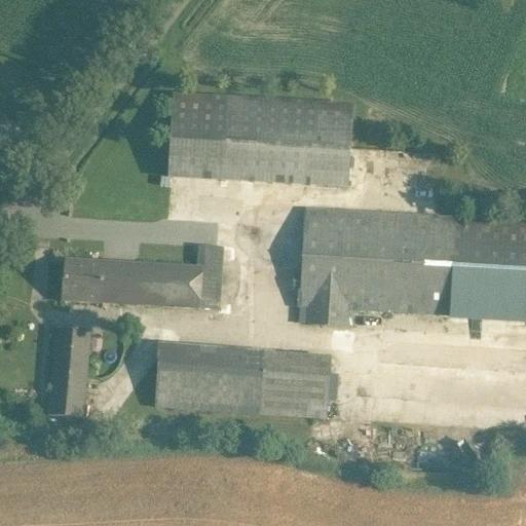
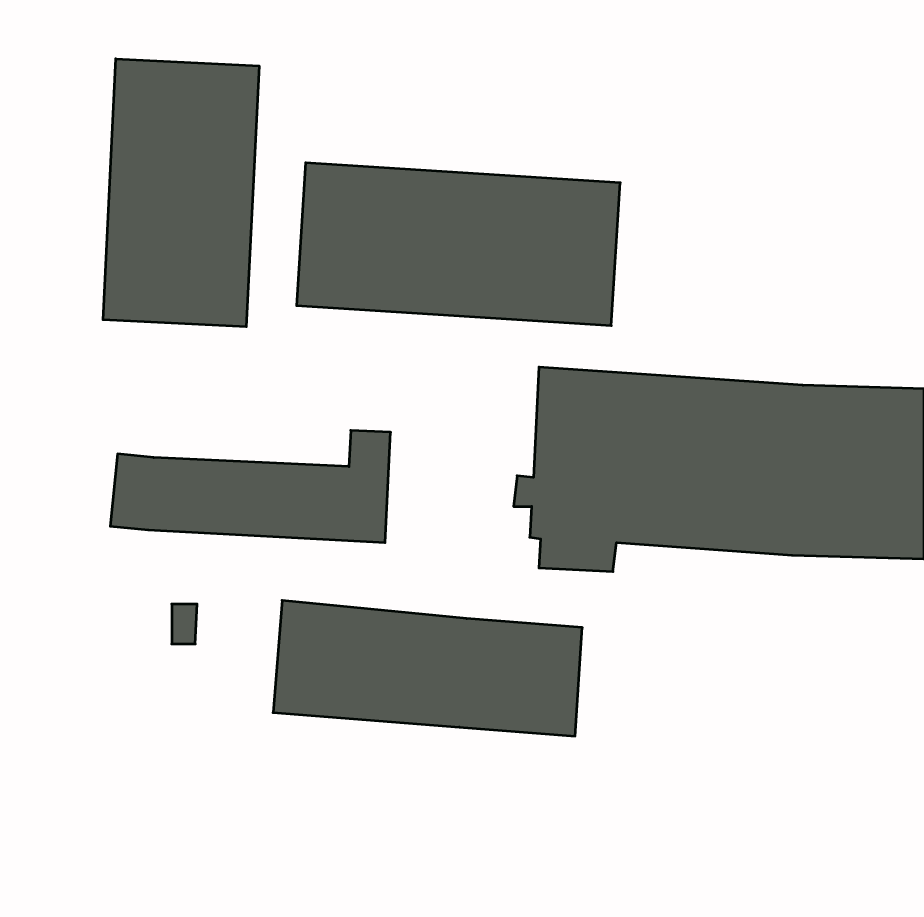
building: none -> [103,59,259,327]
building: [48,328,90,417] -> none

